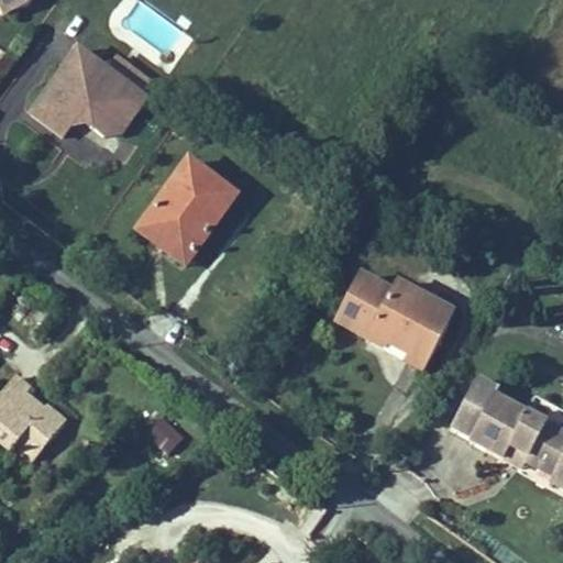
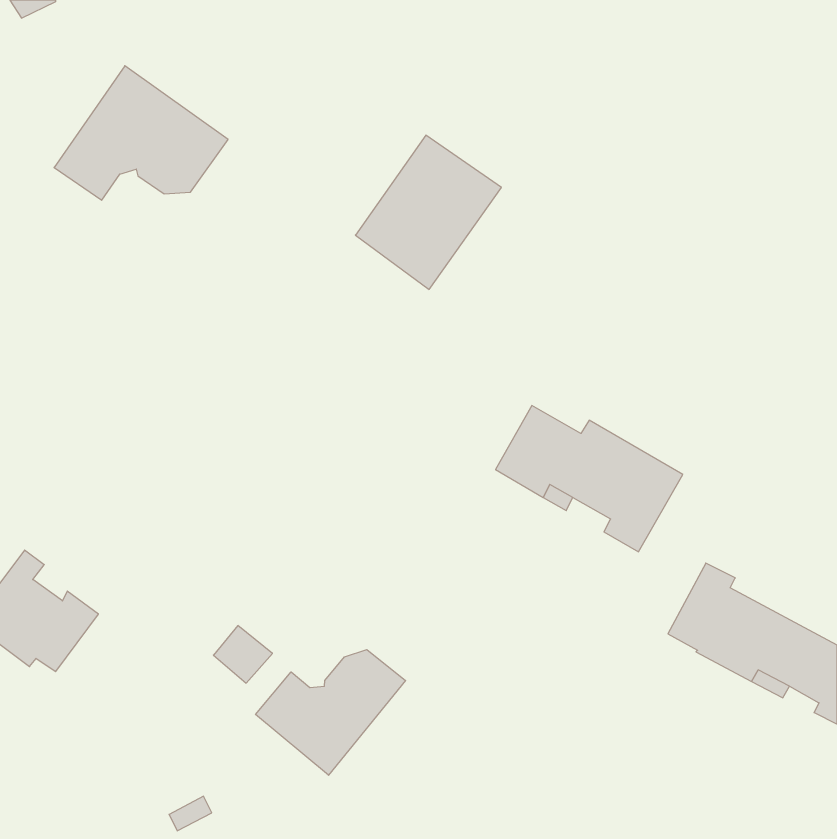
building: [139,159,236,263] -> [355,135,501,289]
building: none -> [256,650,406,775]

